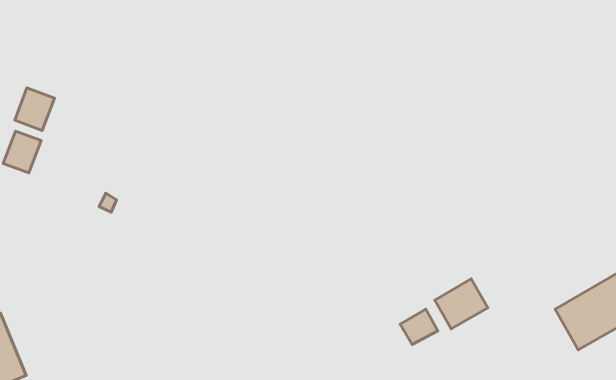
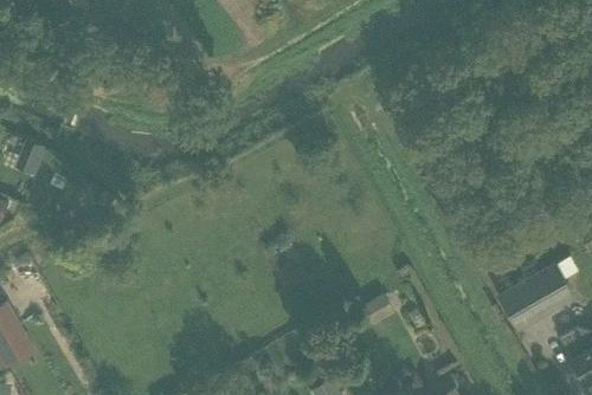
building: [15,88,54,130] -> none
building: [435,279,488,329] -> none

